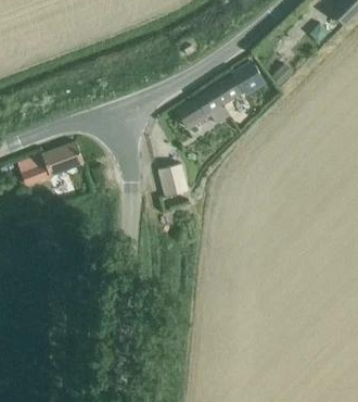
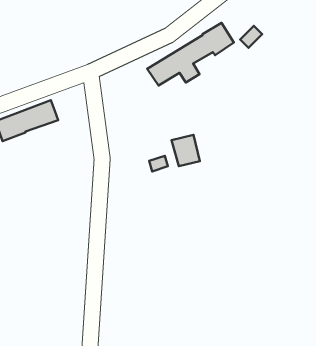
building: [158,164,188,197] -> [172,135,200,166]

